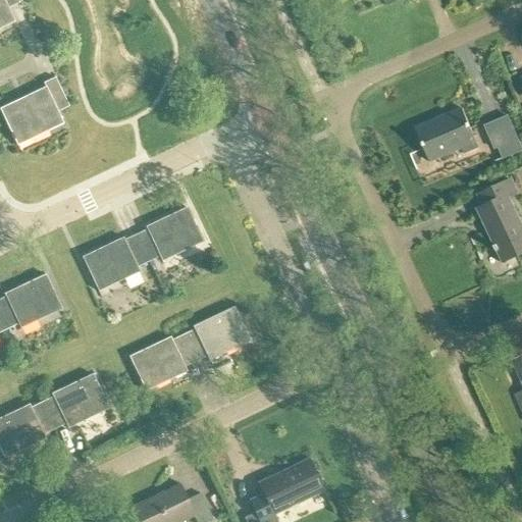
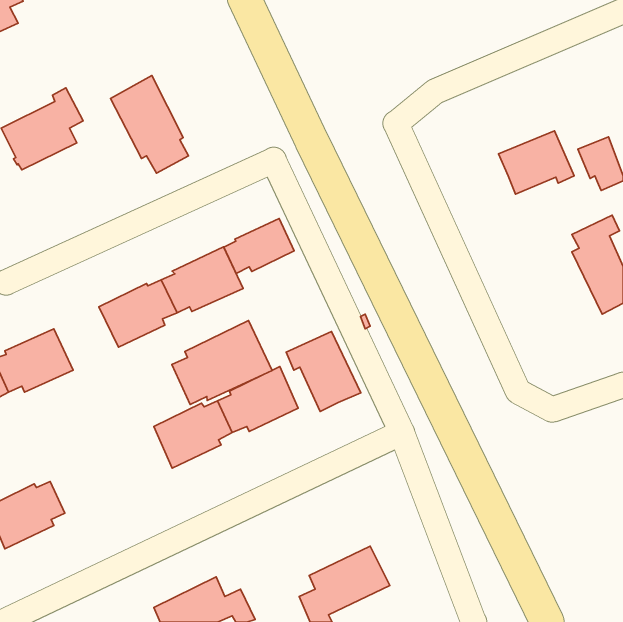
building: none -> [111,75,189,173]
building: none -> [224,219,294,274]
building: none -> [172,320,272,404]
building: none -> [286,332,361,411]
building: [42,374,108,428] -> none

